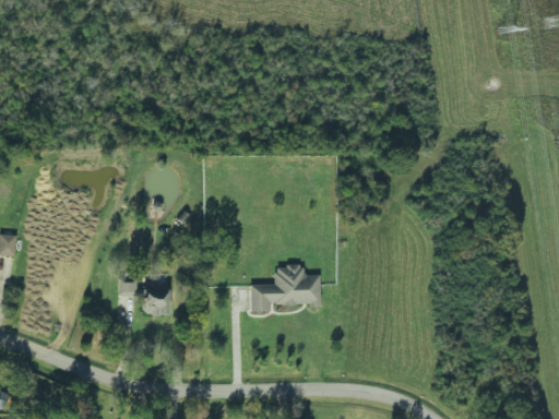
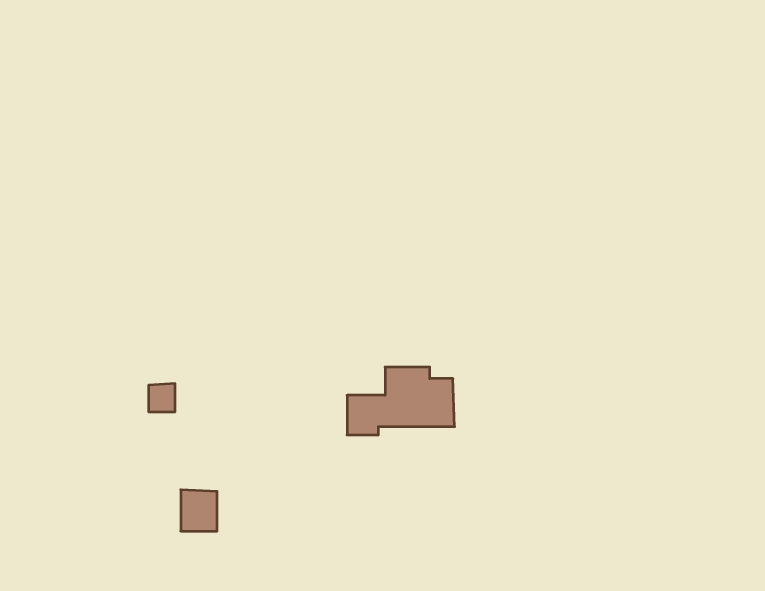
building: [143,287,167,314] -> [181,490,217,531]

